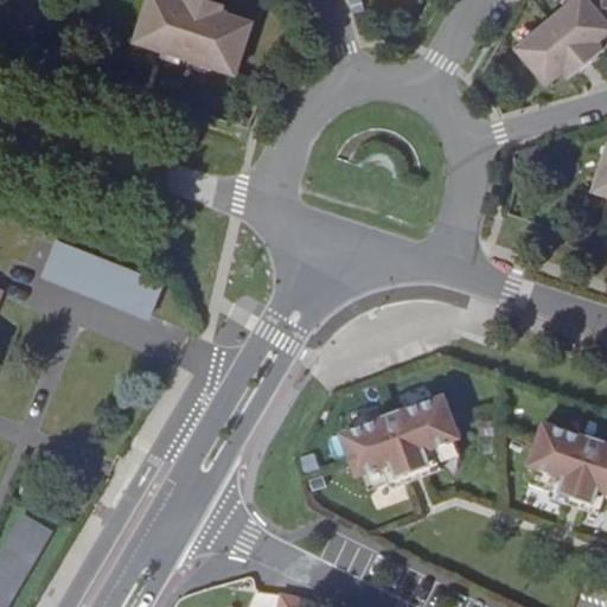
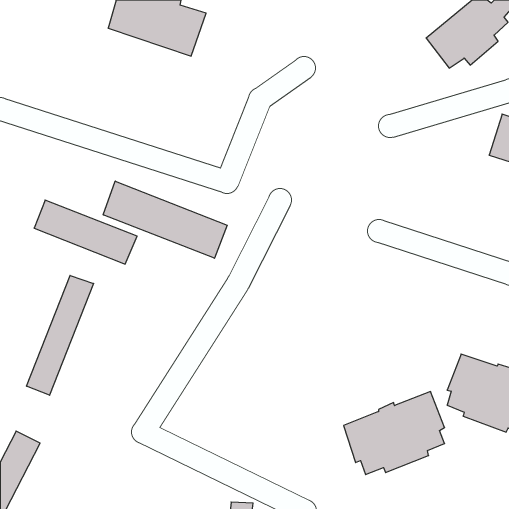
building: none -> [103,181,227,258]
building: none -> [27,275,94,395]
building: [344,396,464,494] -> [344,392,445,475]

